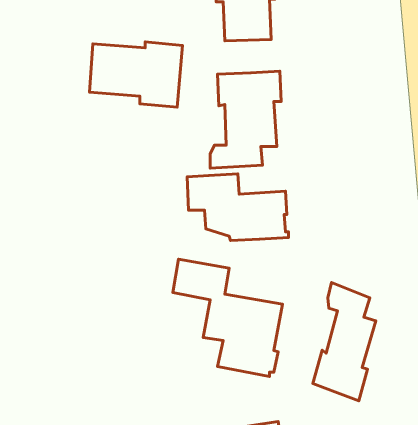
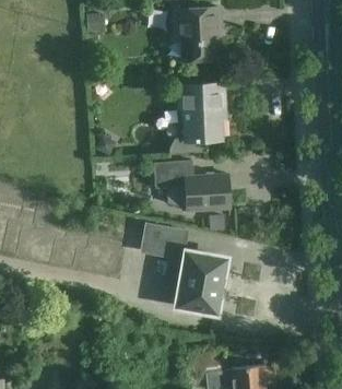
building: [90,42,183,107] -> none
building: [313,283,376,401] -> none

